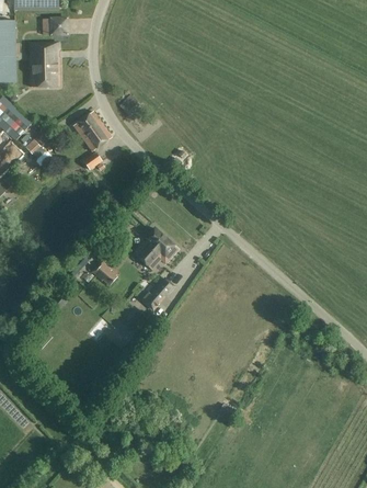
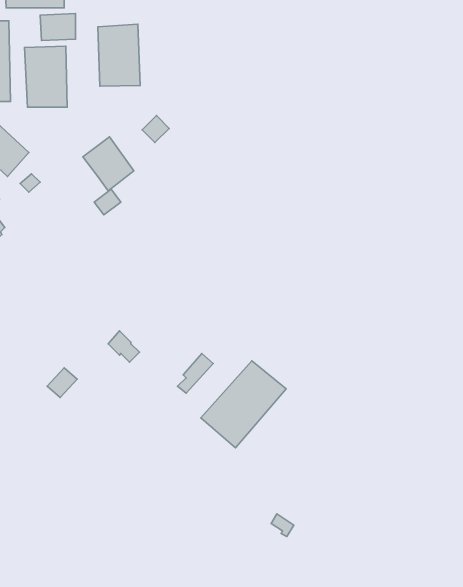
building: none -> [98,24,140,86]
building: [133,228,177,270] -> none
building: none -> [201,361,286,448]

